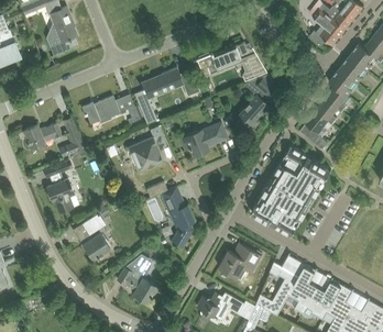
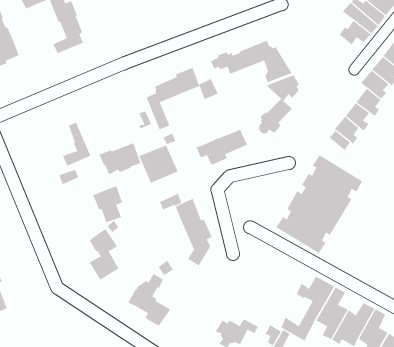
building: [80,96,119,125] -> [99,142,141,175]
building: [23,123,61,148] -> none
building: [45,178,73,212] -> [93,186,123,223]
building: [219,244,261,281] -> none

